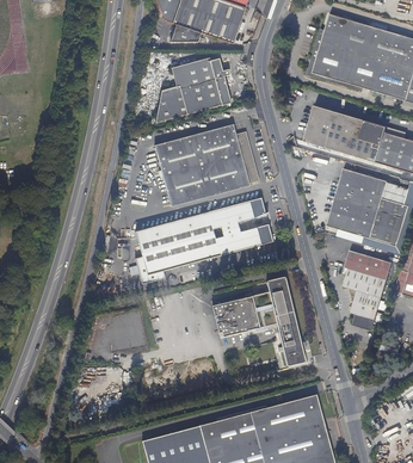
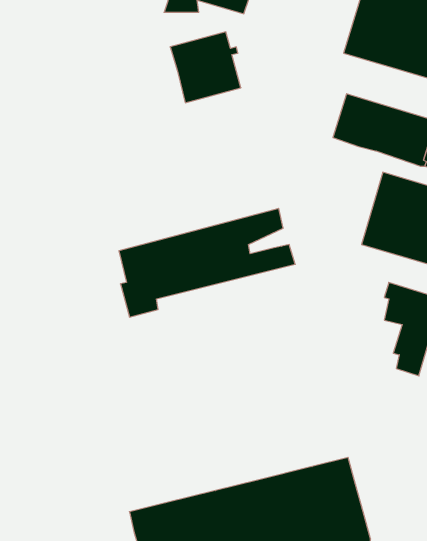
building: [155,88,187,122] -> none
building: [155,124,260,204] -> none
building: [212,276,307,365] -> none

